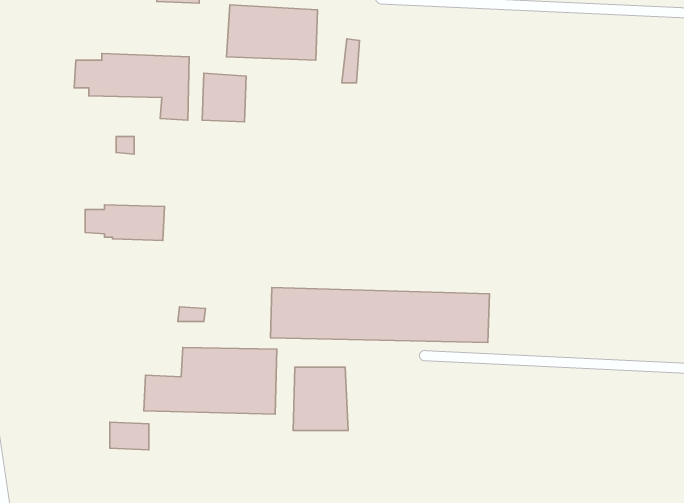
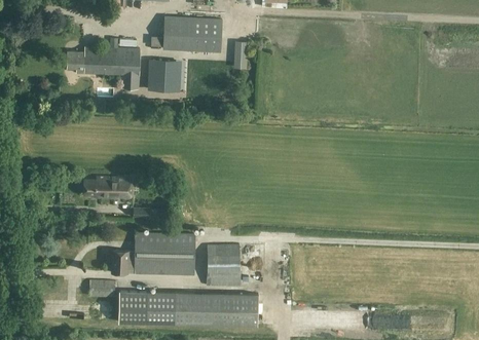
building: [85,205,165,240] -> [83,177,134,199]
building: [270,287,489,343] -> [119,291,258,326]

